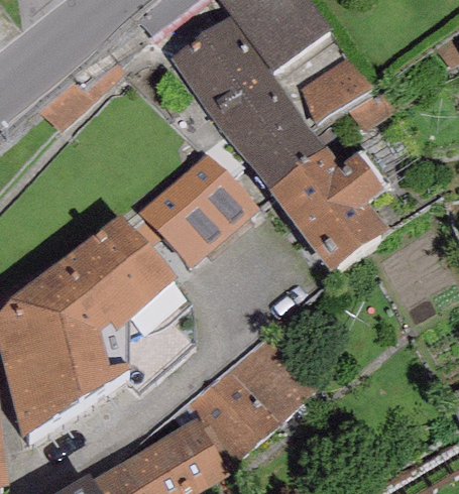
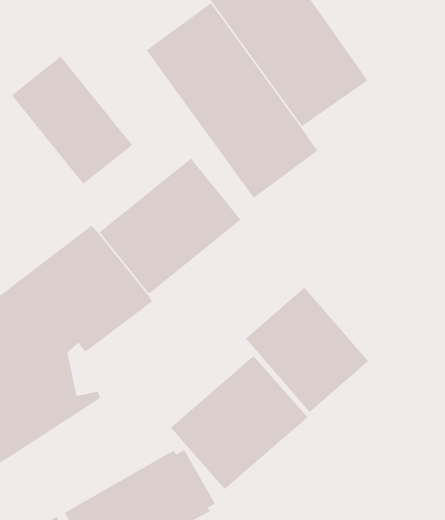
building: none -> [11,55,133,185]
building: [267,148,388,274] -> none
building: none -> [245,287,369,413]

